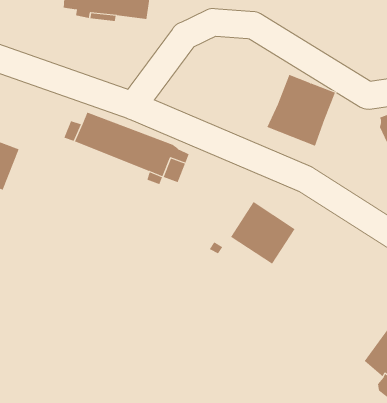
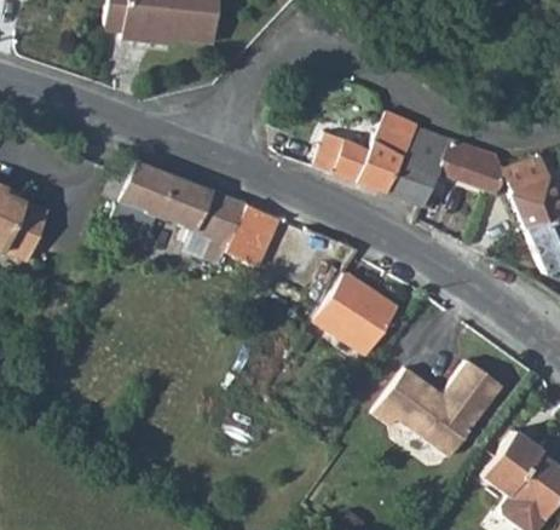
building: none -> [317,133,375,182]
building: none -> [435,138,504,192]
building: none -> [377,358,506,455]

